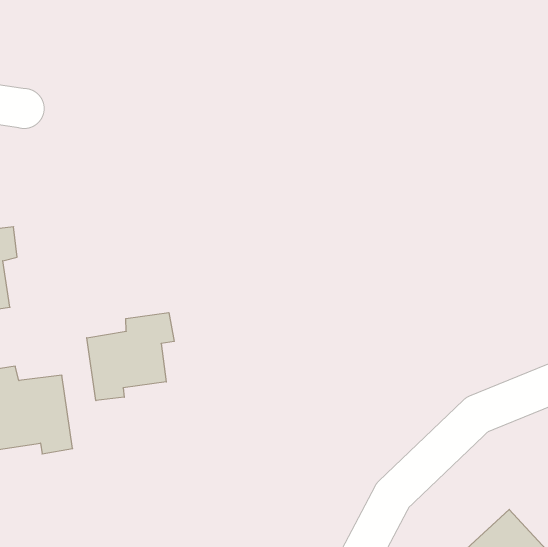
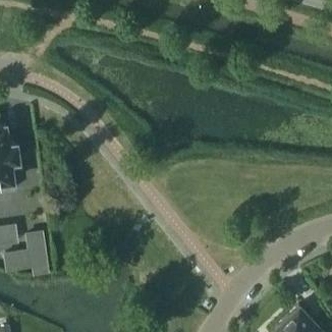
building: [87,313,174,401] -> none

